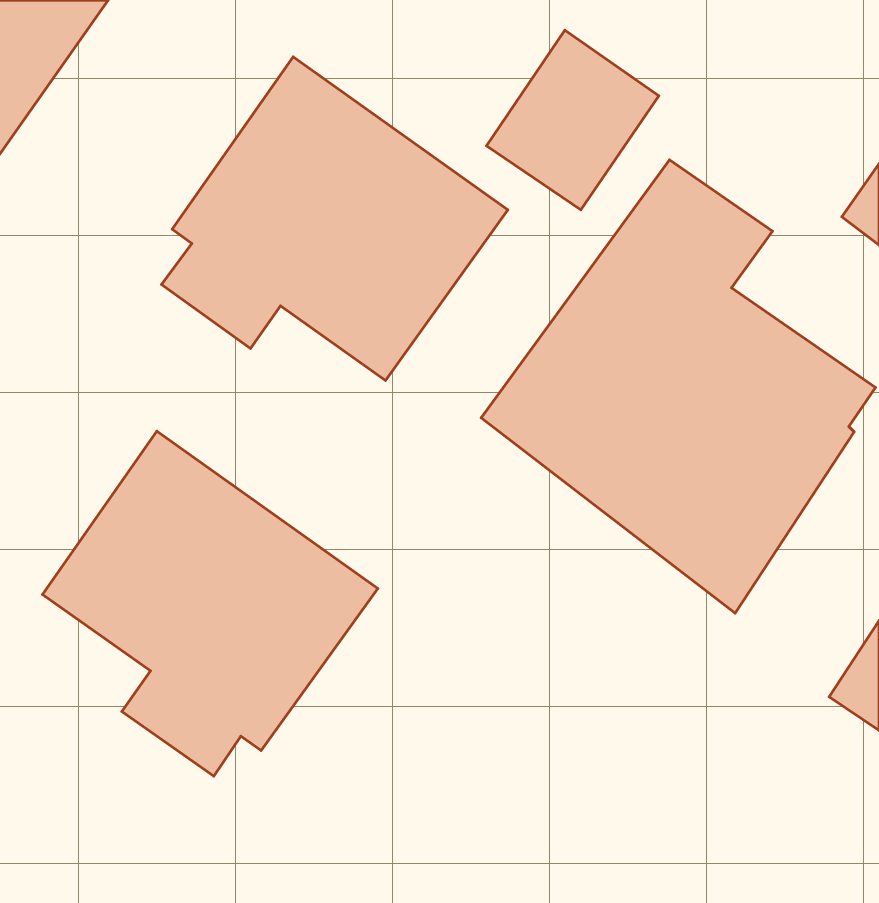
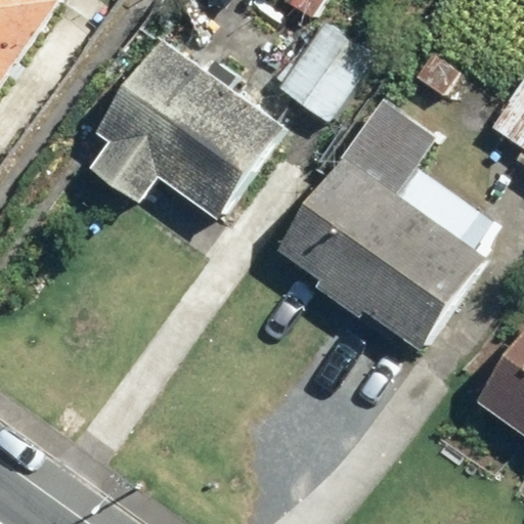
building: [43,431,378,776] -> none

